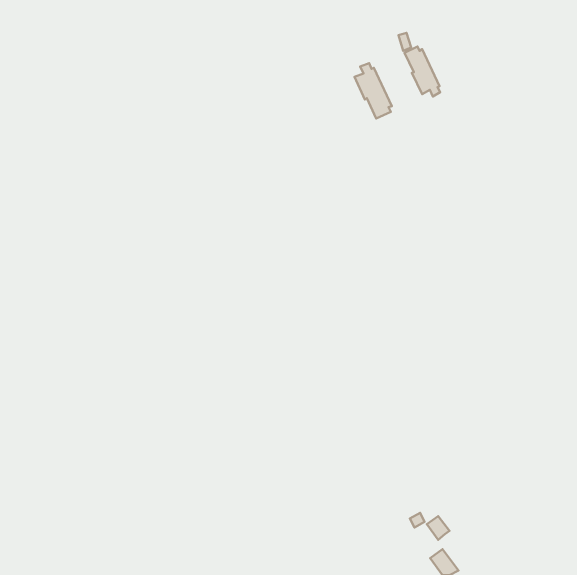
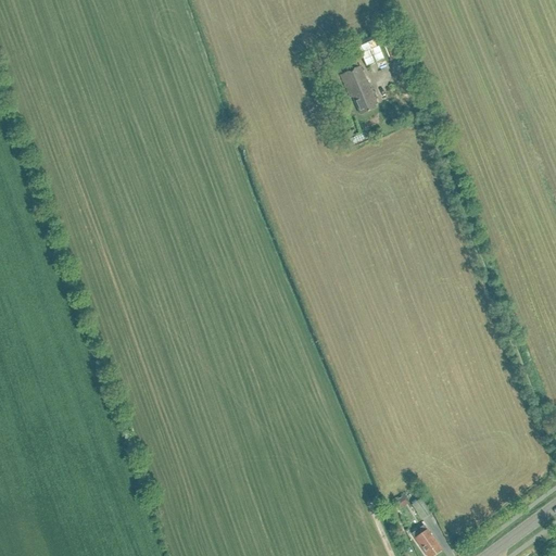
building: [404,47,440,97] -> none

